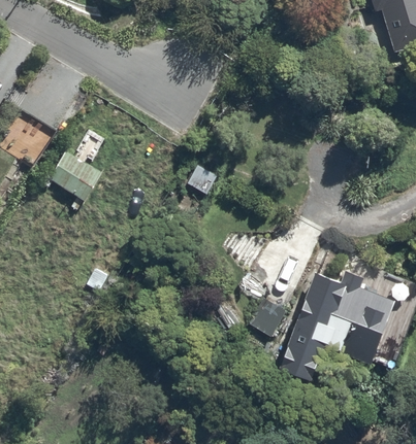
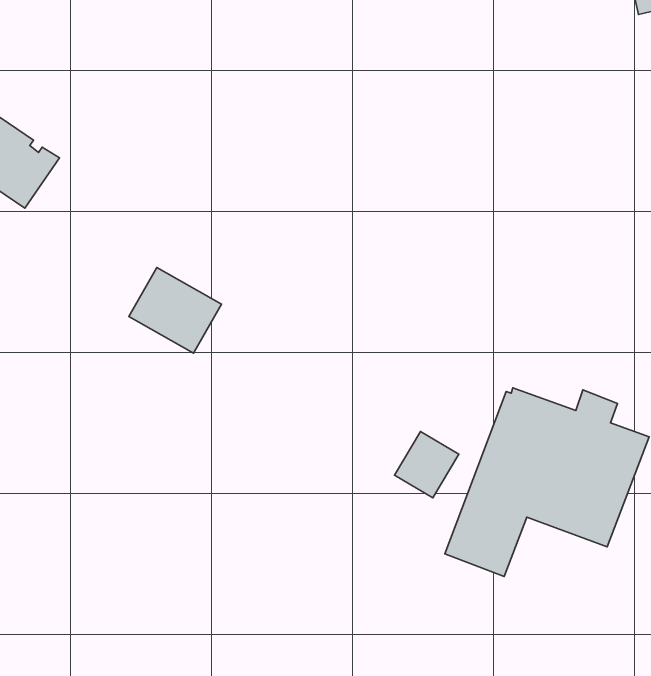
building: [49,151,103,202] -> [129,268,221,353]

